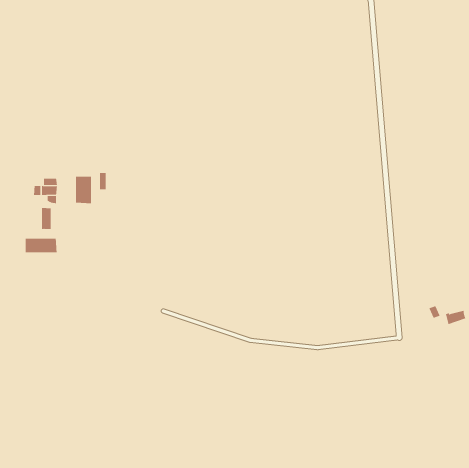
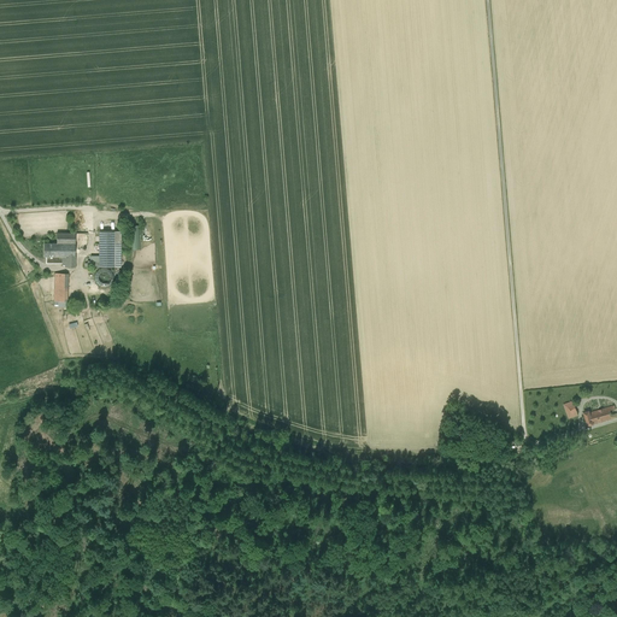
building: [25,238,57,253] -> none

